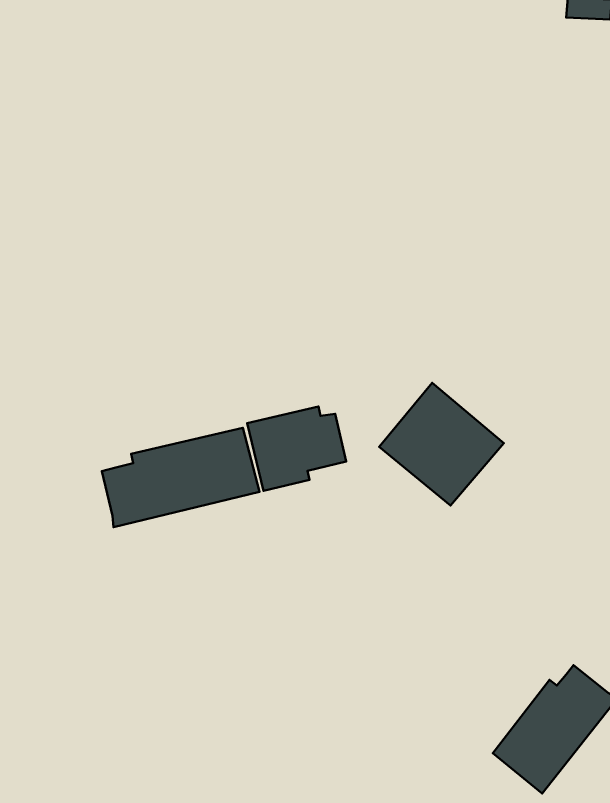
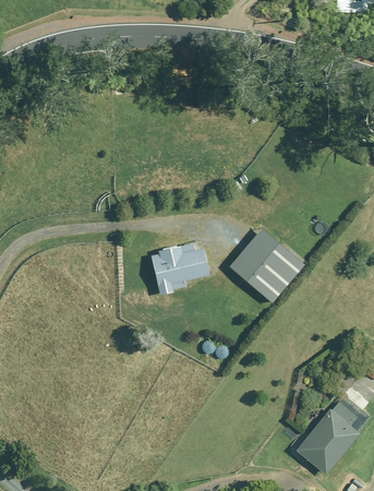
building: [102,428,259,527] -> none

